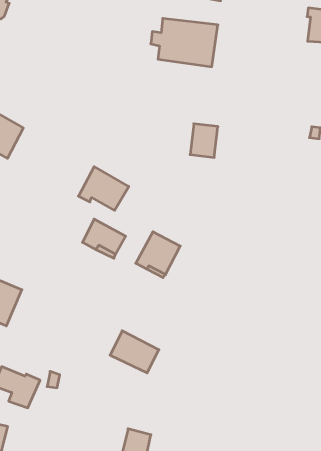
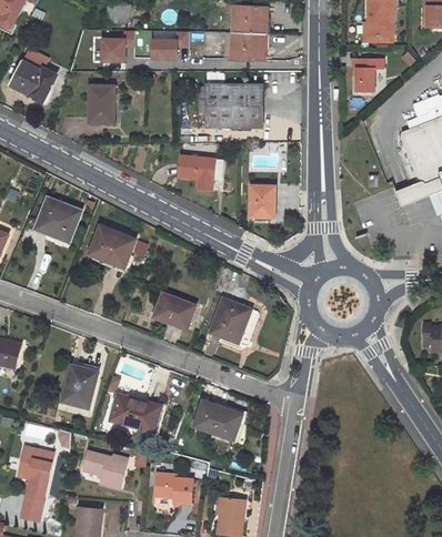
building: none -> [90,87,114,123]
building: none -> [179,156,224,181]
building: [78,167,129,210] -> [89,224,138,265]
building: none -> [111,396,161,433]
building: none -> [154,474,193,505]

